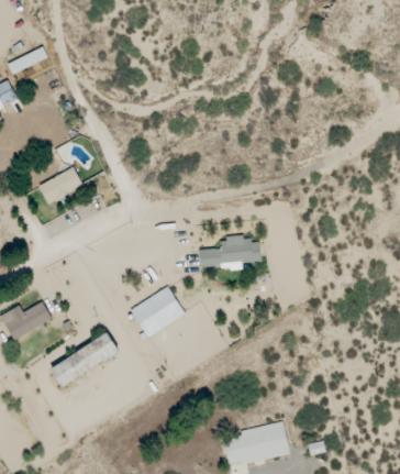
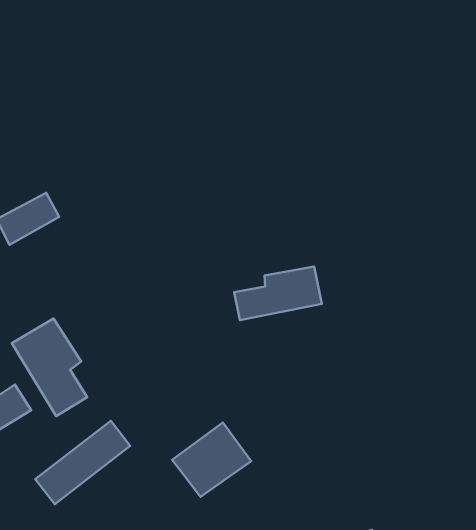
building: none -> [12,318,87,416]
building: [130,287,185,338] -> [172,422,251,497]

